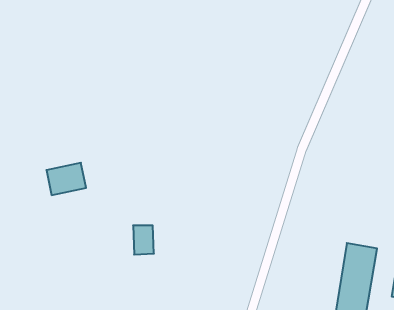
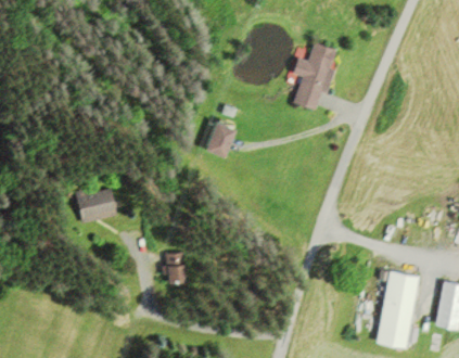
building: none -> [293,41,337,110]
building: none -> [203,122,232,155]

